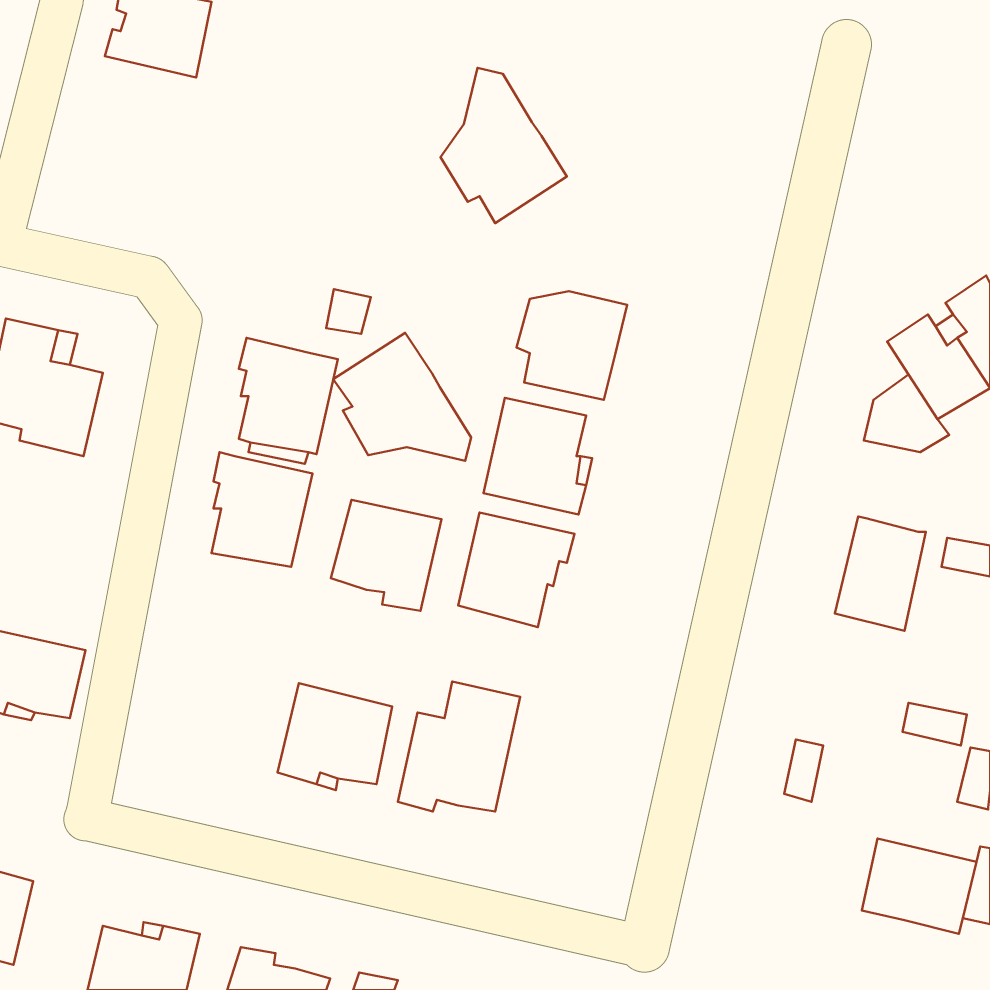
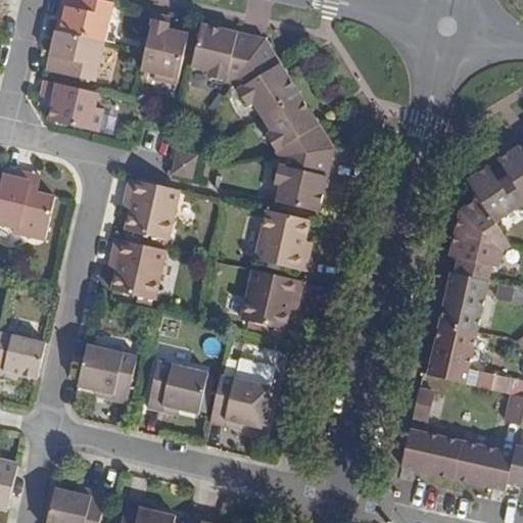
building: none -> [141,13,187,84]
building: none -> [191,25,251,83]
building: none -> [47,30,103,81]
building: none -> [40,80,101,131]
building: [333,333,471,461] -> [260,93,333,160]
building: none -> [449,229,511,280]
building: [331,500,442,611] -> none
building: none -> [428,323,476,383]
building: none -> [78,344,136,402]
building: none -> [401,430,462,479]

